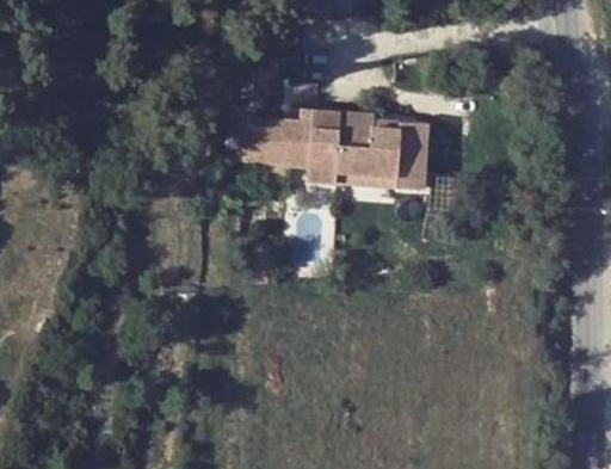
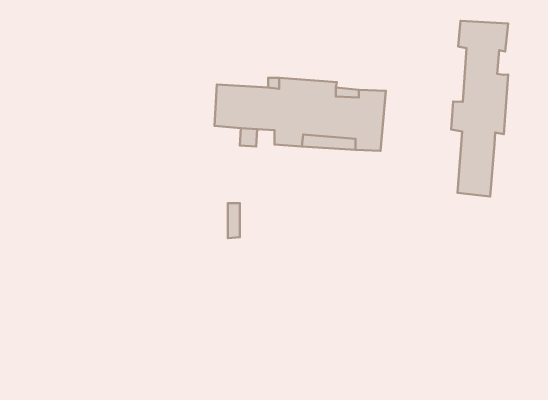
building: none -> [451,21,508,196]

